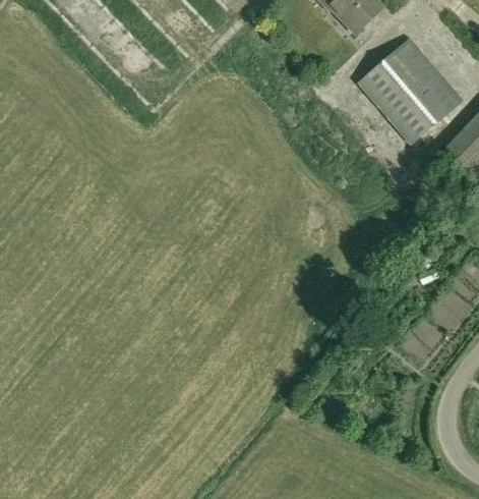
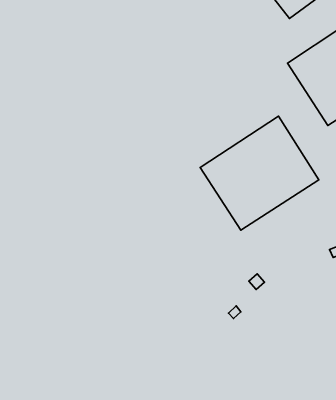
building: none -> [200,116,319,230]

